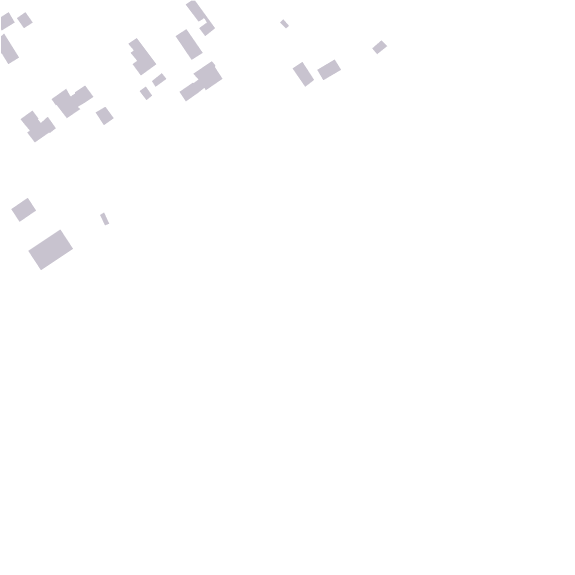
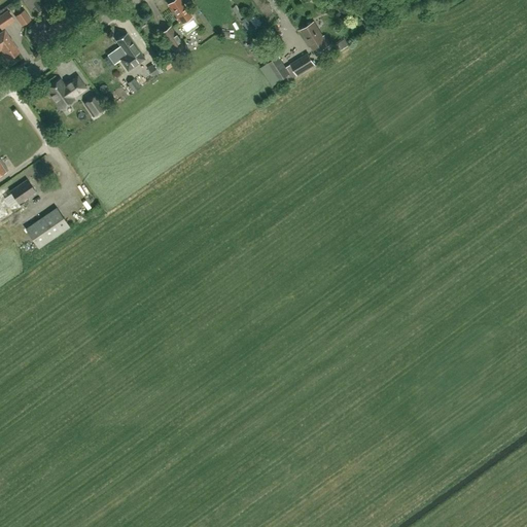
building: none -> [302,23,329,52]
building: [179,60,223,103] -> none
building: [20,110,57,143] -> none

